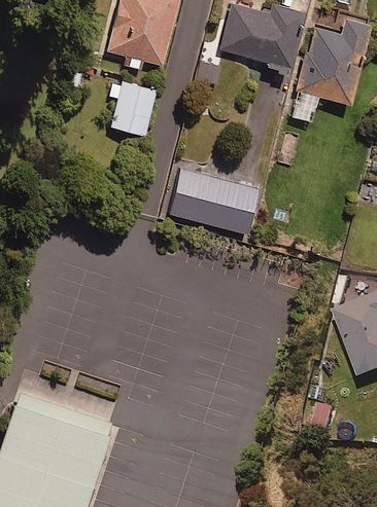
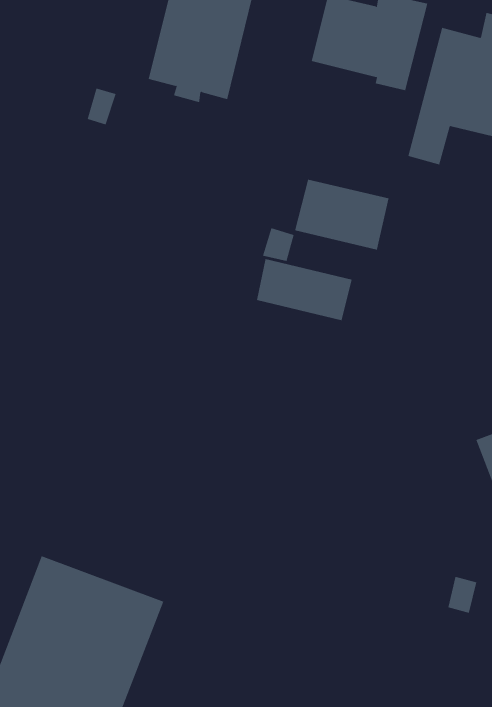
building: [109,86,157,144] -> none
building: none -> [295,179,389,251]

